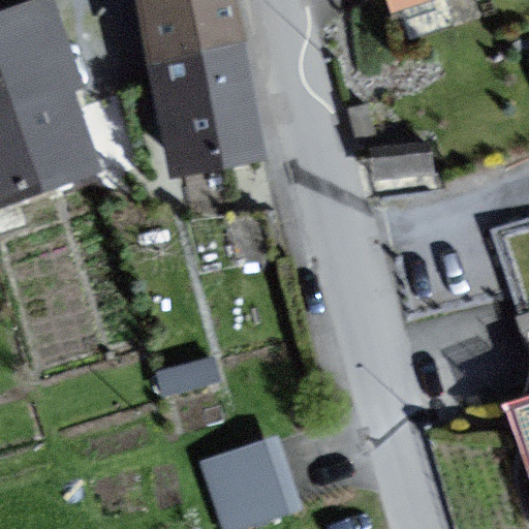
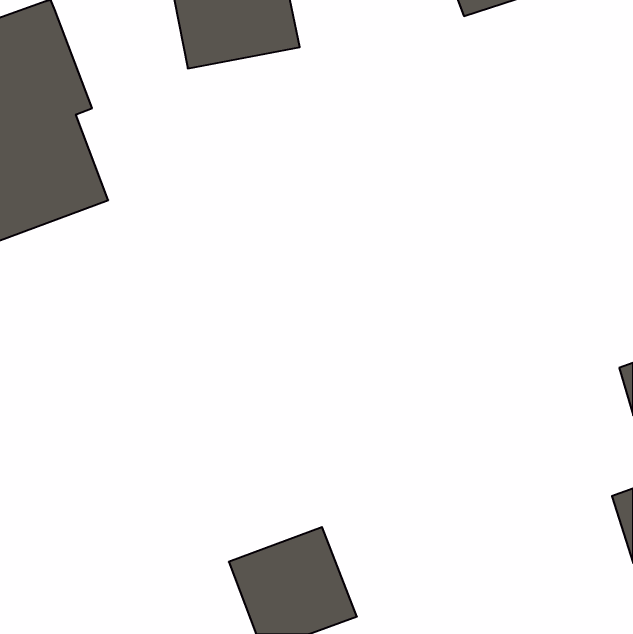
building: [156,39,272,170] -> none

